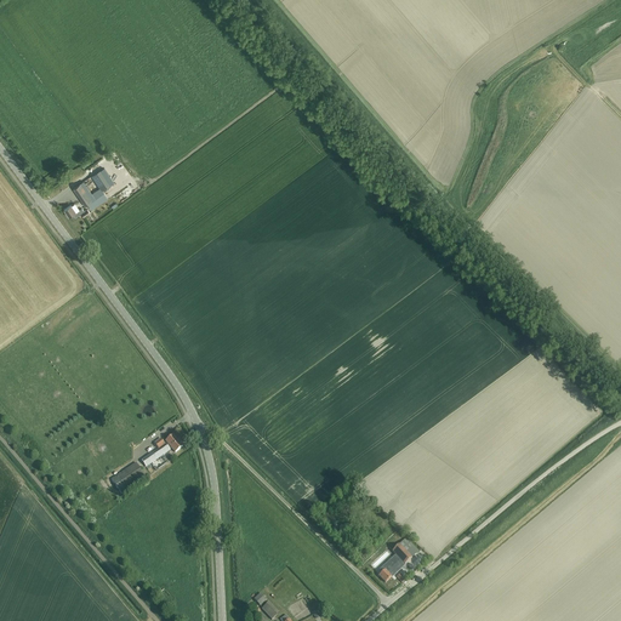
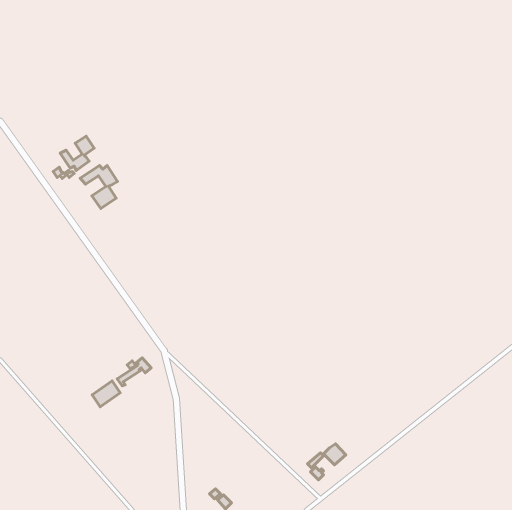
building: none -> [80,165,117,209]

